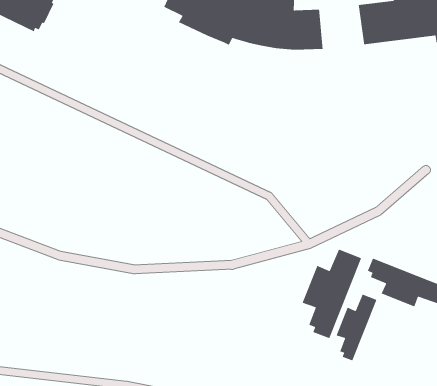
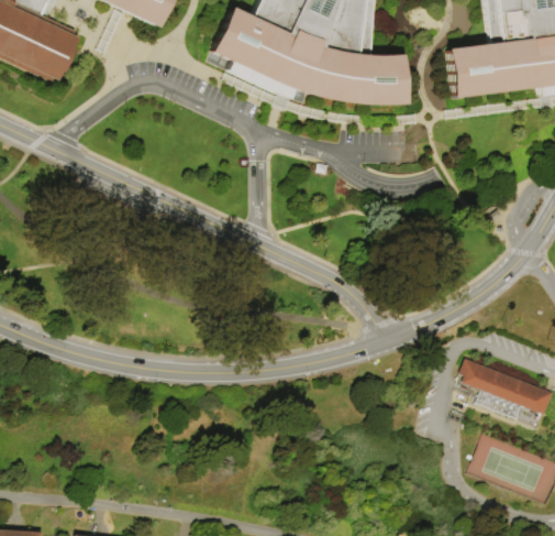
building: [302,249,362,339] -> none
building: [336,294,377,362] -> none

